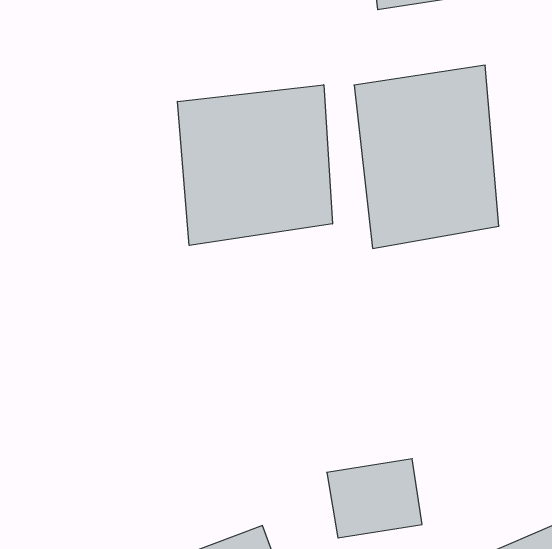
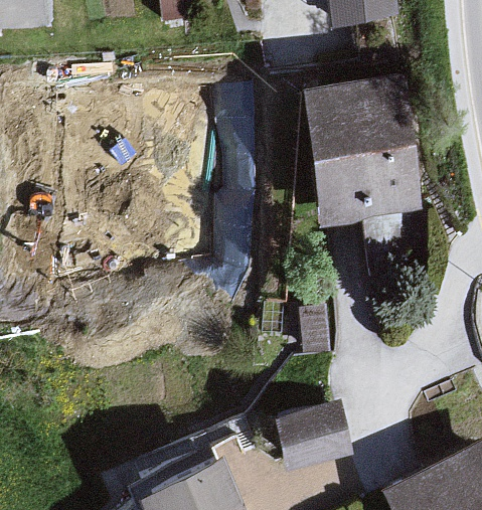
building: [177,85,332,245] -> none

